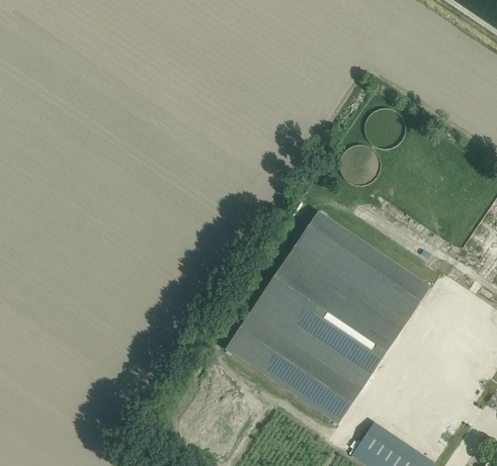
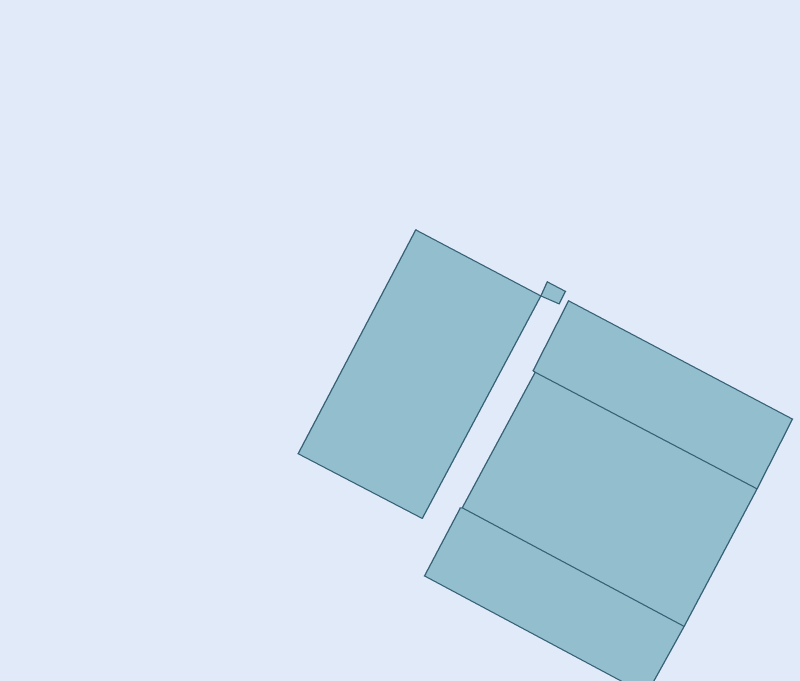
building: none -> [298,230,541,518]

